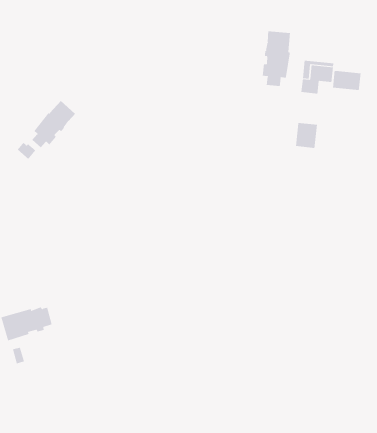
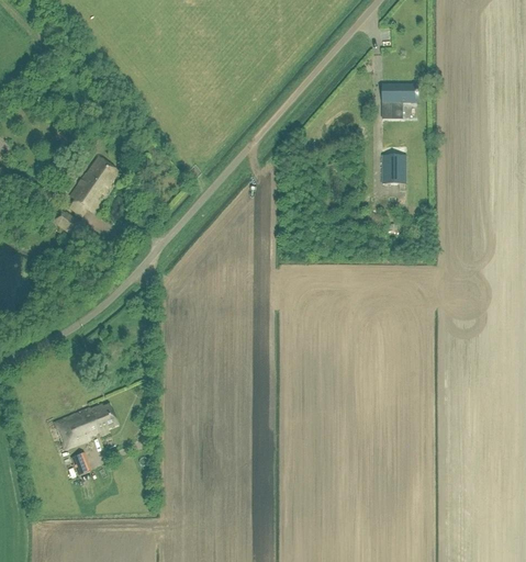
building: [262,30,291,87] -> none
building: [332,70,361,91] -> none

